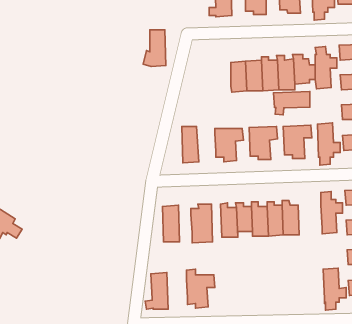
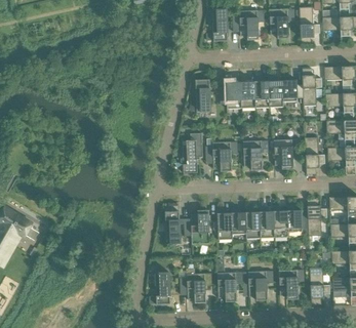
building: [143,30,166,67] -> [189,79,209,112]
building: [274,92,310,115] -> none
building: none -> [286,206,308,237]
building: none -> [278,269,304,298]
building: none -> [247,270,273,300]
building: none -> [216,272,242,301]

